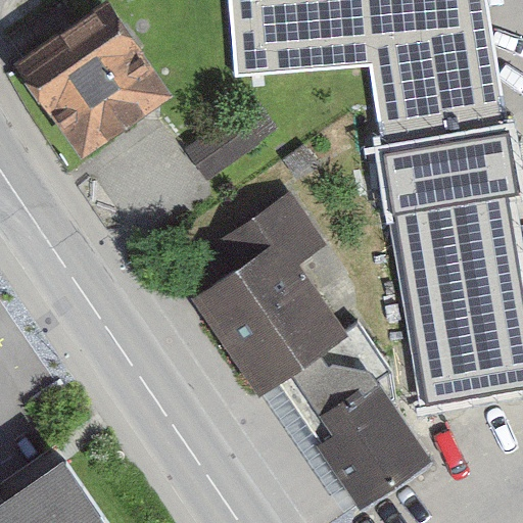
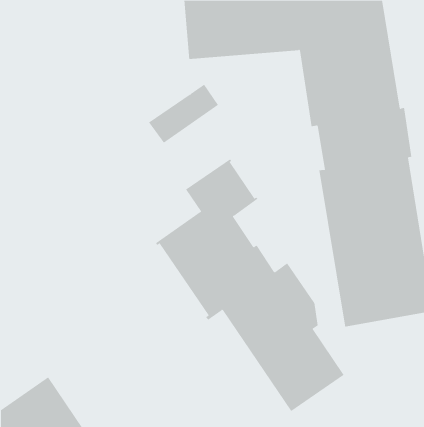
building: [21,7,161,147] -> none

